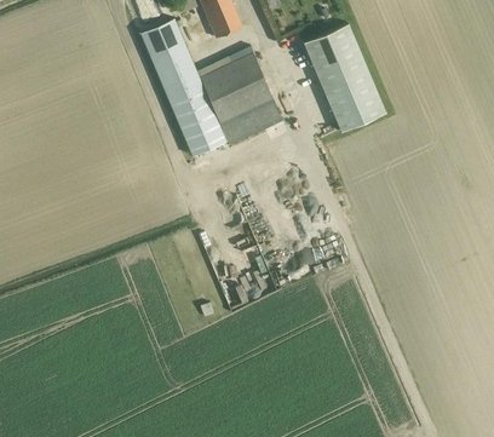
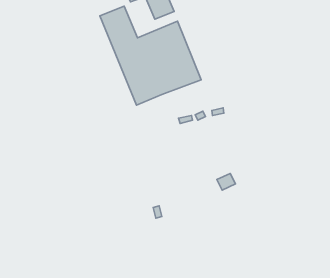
building: [304,25,387,133] -> none

